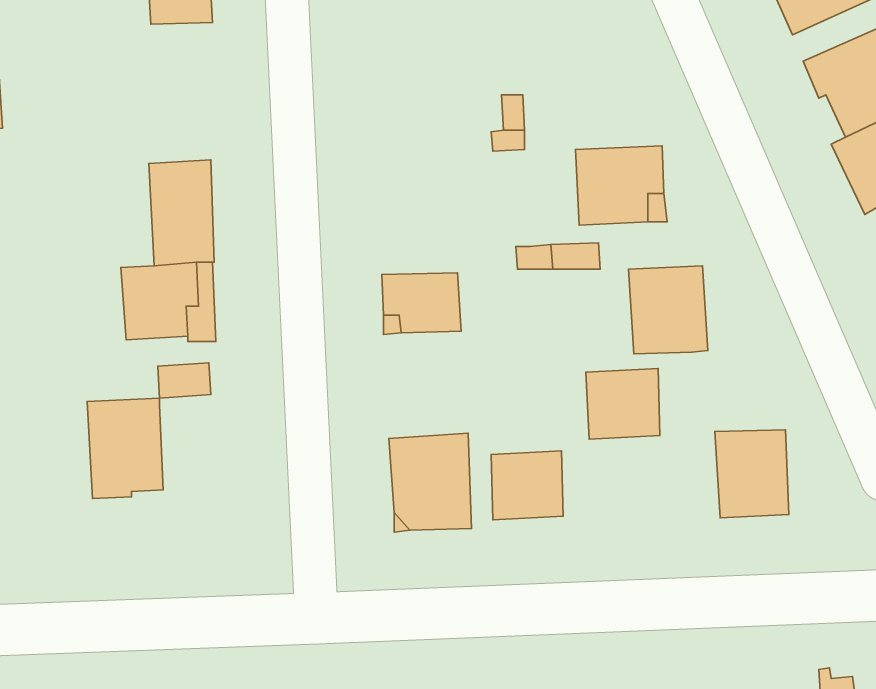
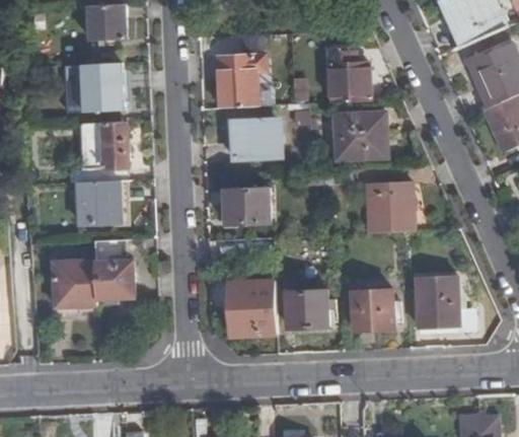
building: none -> [329,51,369,101]
building: none -> [218,56,265,108]
building: none -> [64,62,124,114]
building: none -> [224,120,276,159]
building: [586,369,660,439] -> [351,287,393,327]
building: none -> [96,260,135,310]

